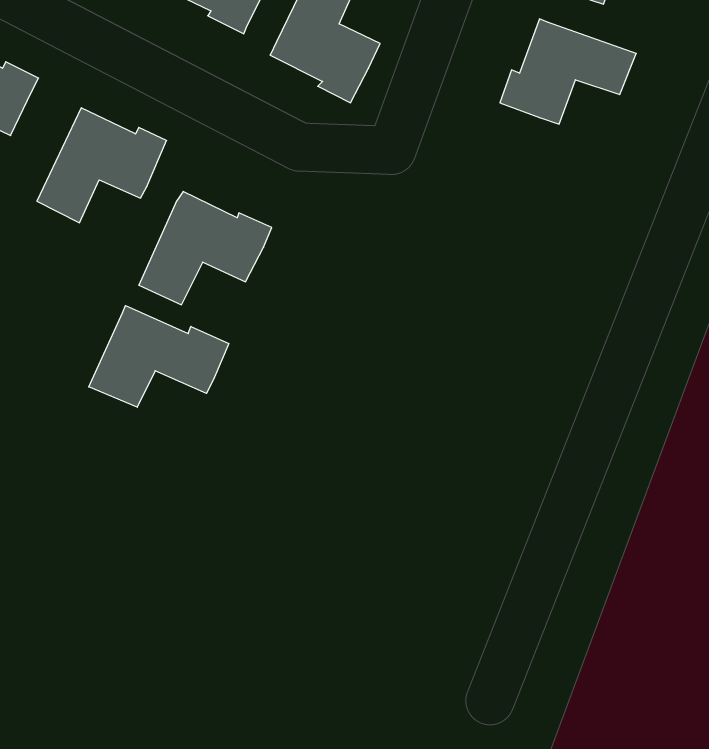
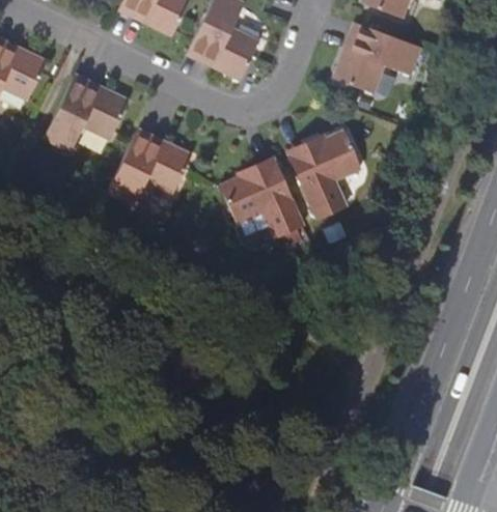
building: none -> [289,131,360,218]
building: none -> [219,161,303,237]
building: [89,306,229,407] -> none

